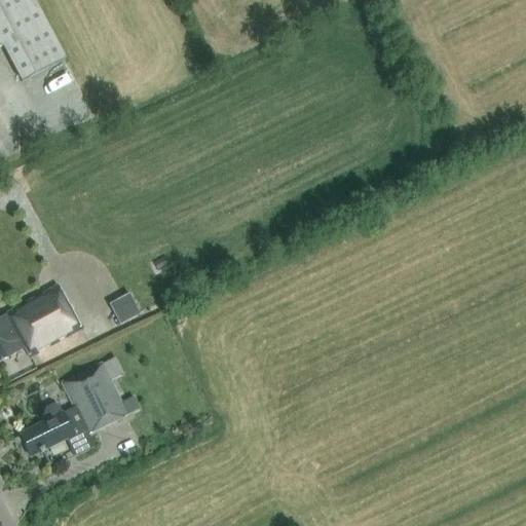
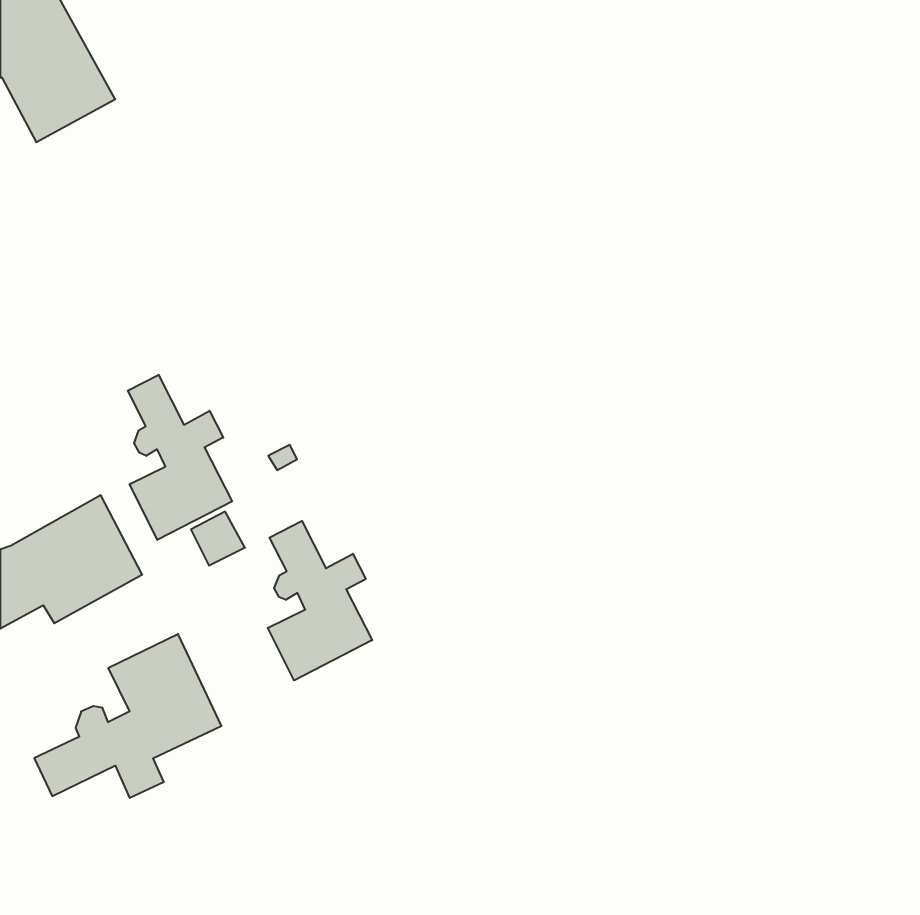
building: none -> [128,375,232,540]
building: none -> [268,521,372,680]

